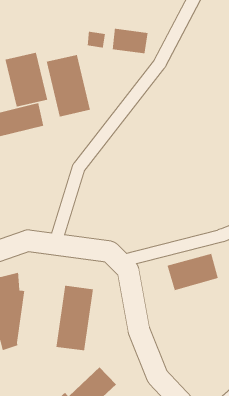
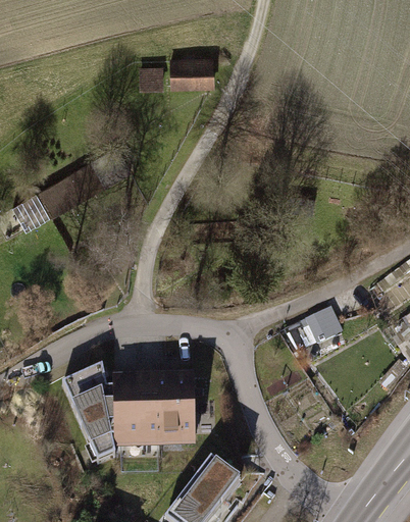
building: [4,52,48,108] -> none
building: [46,54,91,118] -> none
building: none -> [112,371,160,449]

